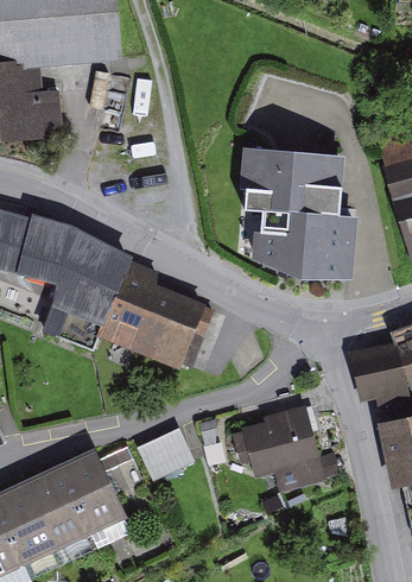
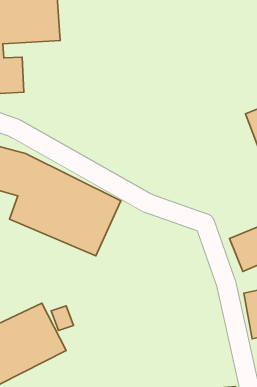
building: [239,139,357,272] -> none
building: [235,406,325,491] -> none
building: [137,425,195,480] -> none

